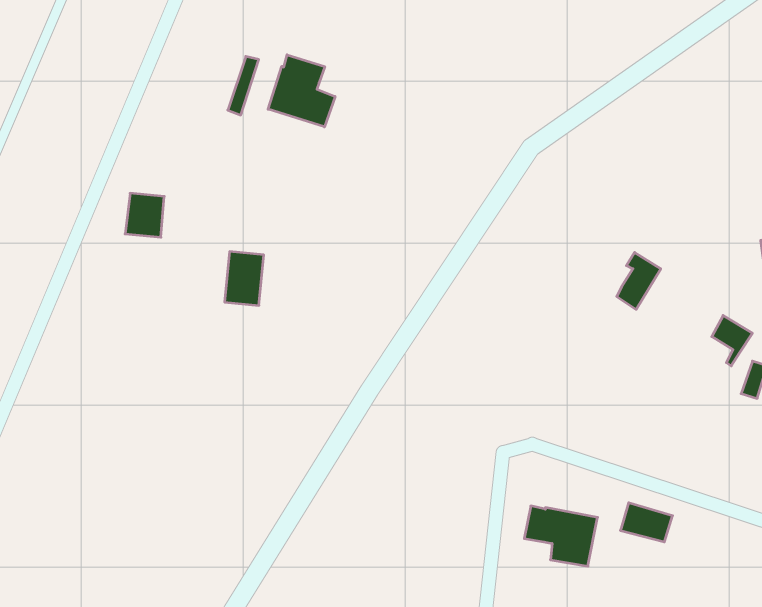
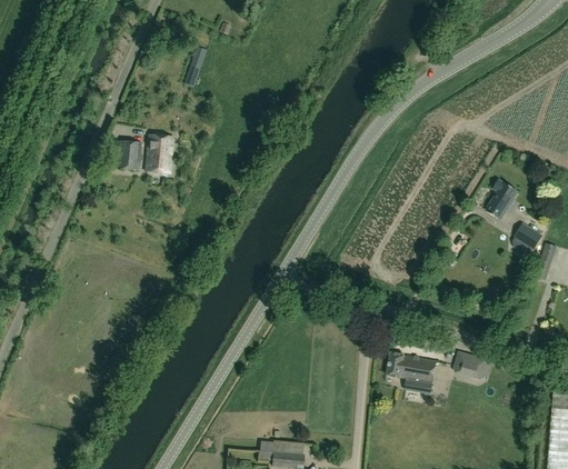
building: [268,55,335,127] -> none
building: [225,252,264,305] -> [147,136,173,172]
building: [617,252,661,309] -> [488,180,518,219]

